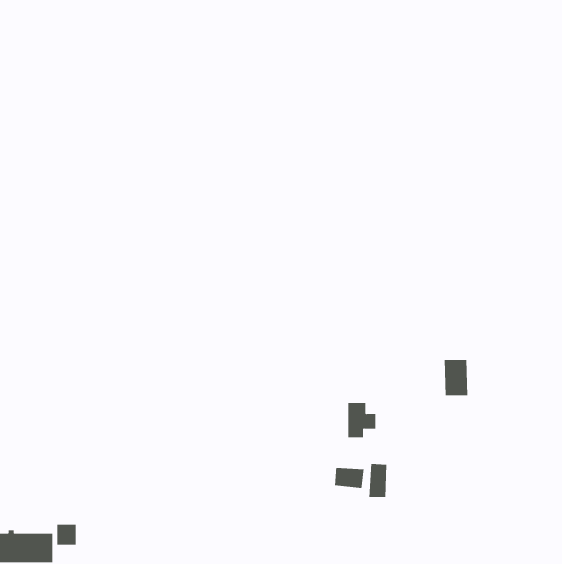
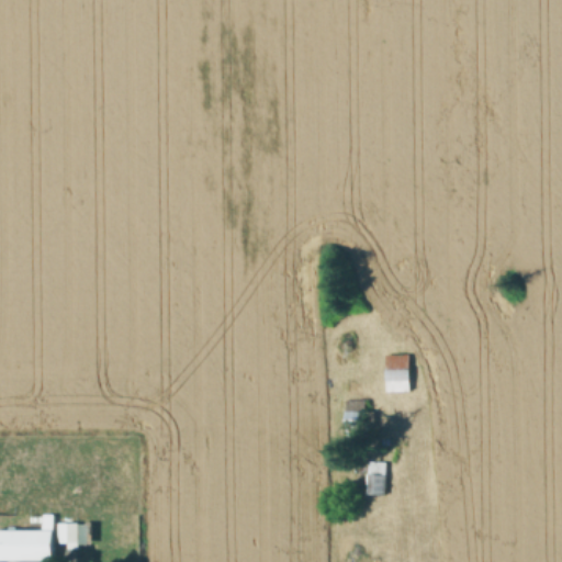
building: [444,359,468,396] -> [384,355,408,391]
building: [335,467,364,489] -> none

